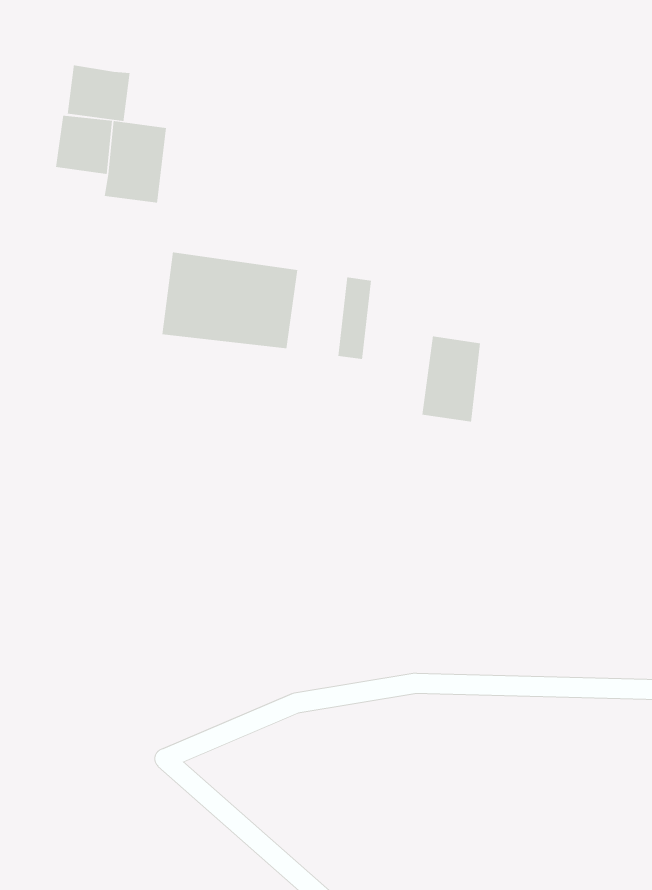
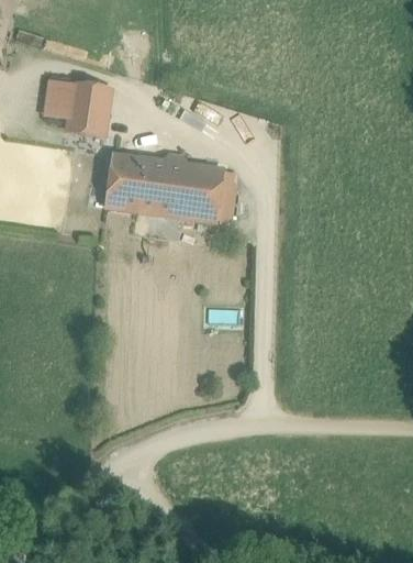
building: [67,65,130,122] -> none
building: [421,336,481,422] -> [183,168,220,221]

